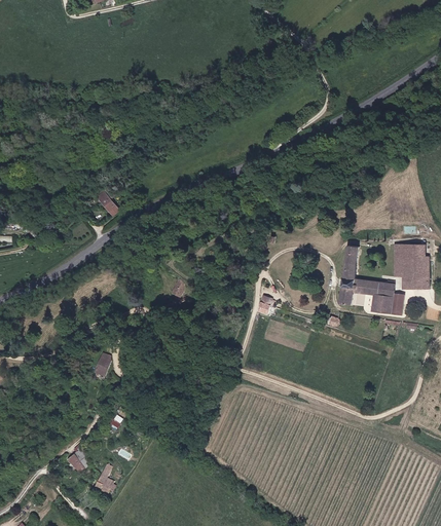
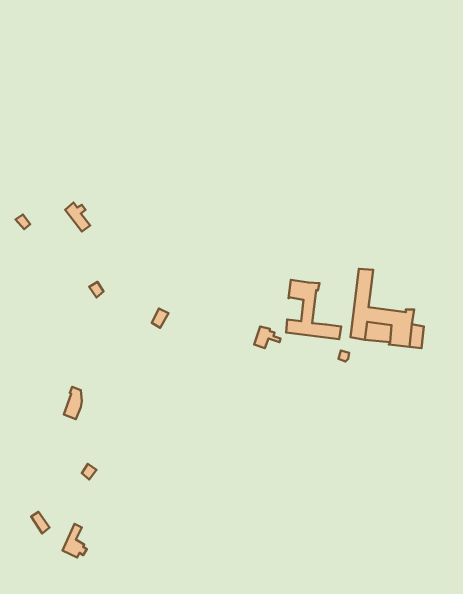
building: [394,245,428,288] -> none
building: none -> [286,280,341,339]

